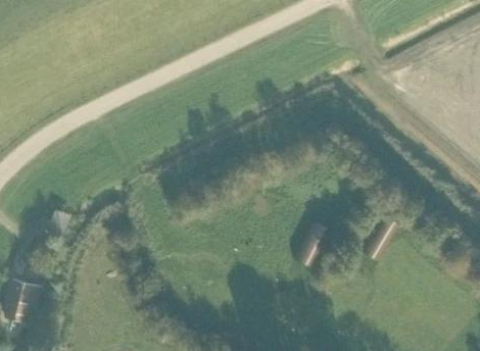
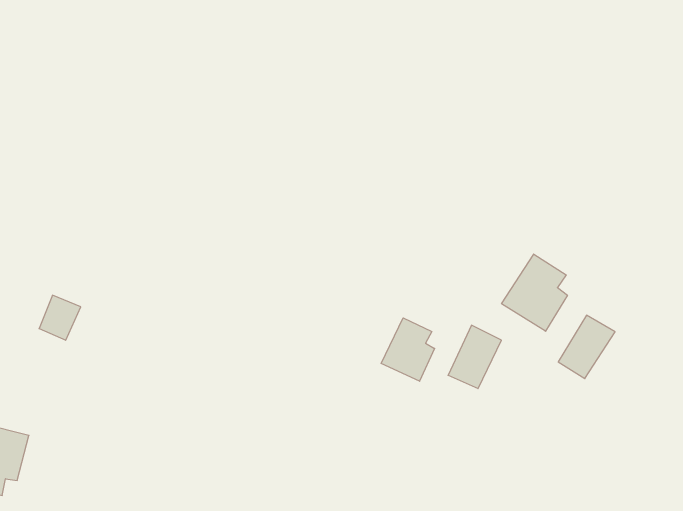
building: none -> [502,254,567,331]
building: none -> [381,318,435,381]

